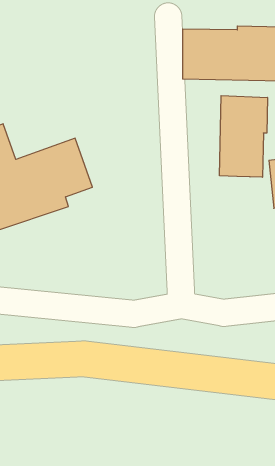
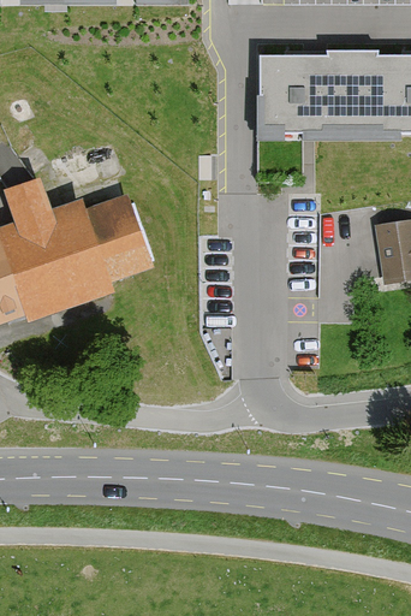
building: [220,96,267,177] -> none

